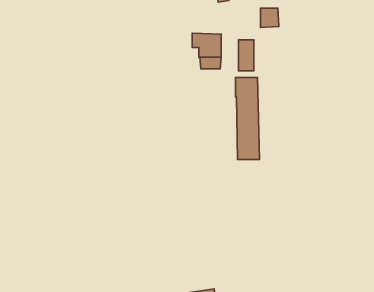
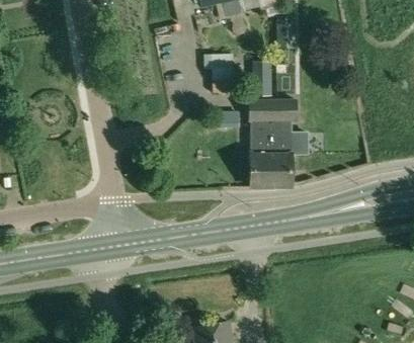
building: none -> [273,100,297,186]

